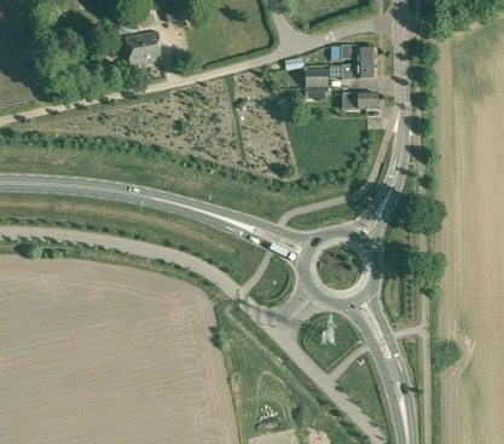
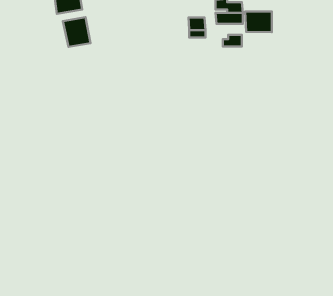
building: none -> [245,12,272,32]
building: none -> [63,17,90,47]

